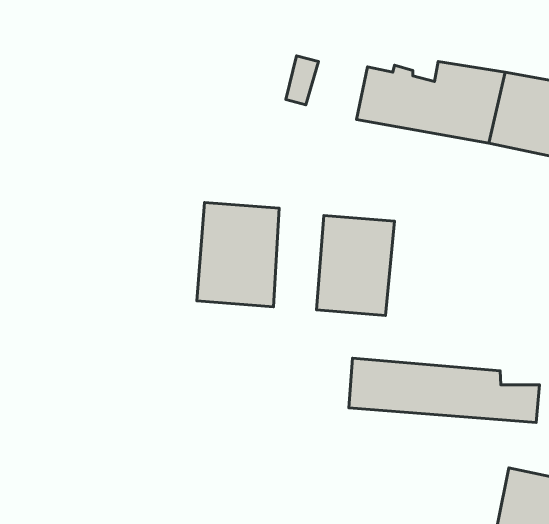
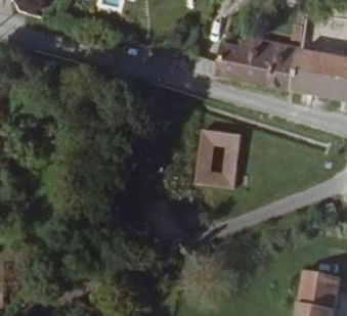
building: [197,202,279,307] -> none
building: [349,358,540,422] -> none

